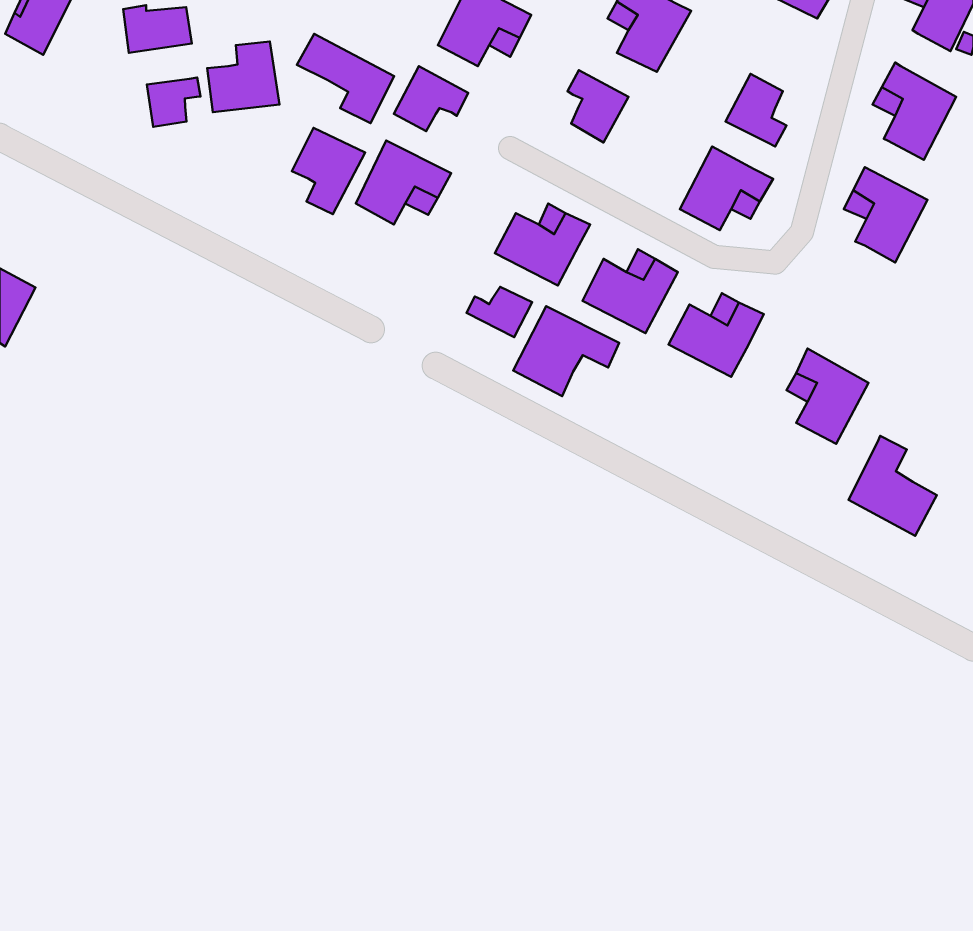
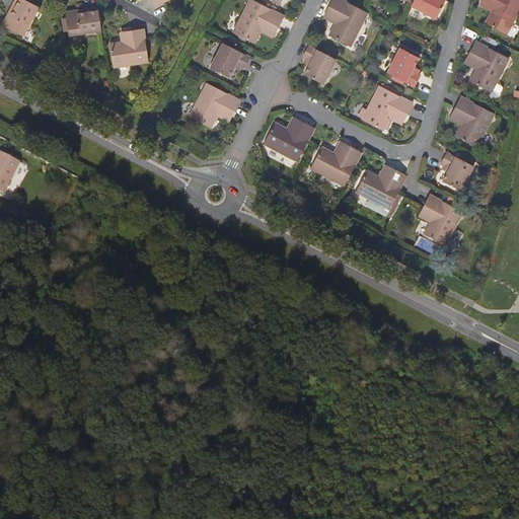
building: [297,34,394,123] -> none
building: [147,78,200,127] -> none
building: [292,128,365,214] -> none
building: none -> [441,150,473,189]
building: [467,287,532,337] -> none
building: [513,306,619,396] -> none
building: [848,436,937,536] -> none

